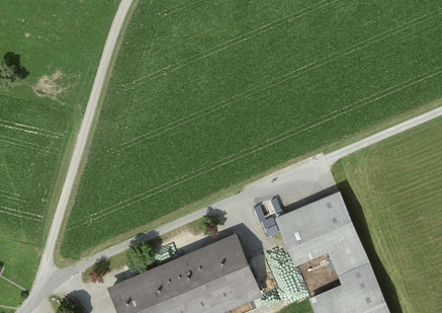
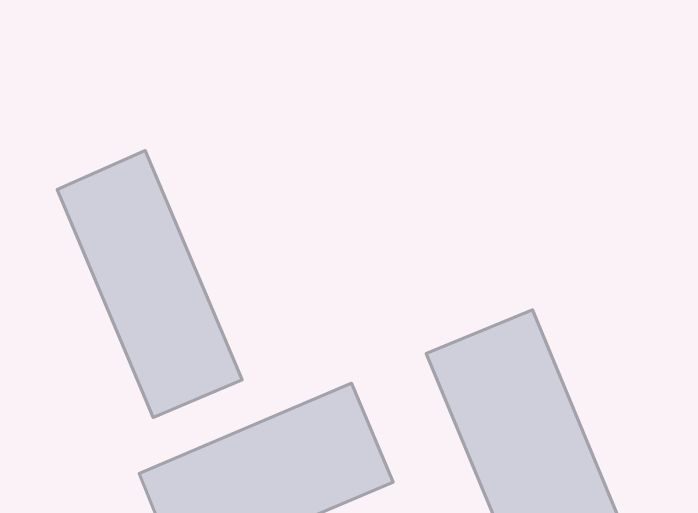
building: none -> [57,150,242,418]

